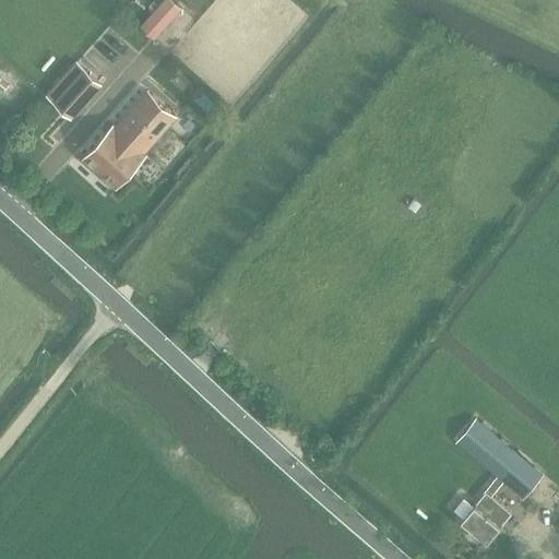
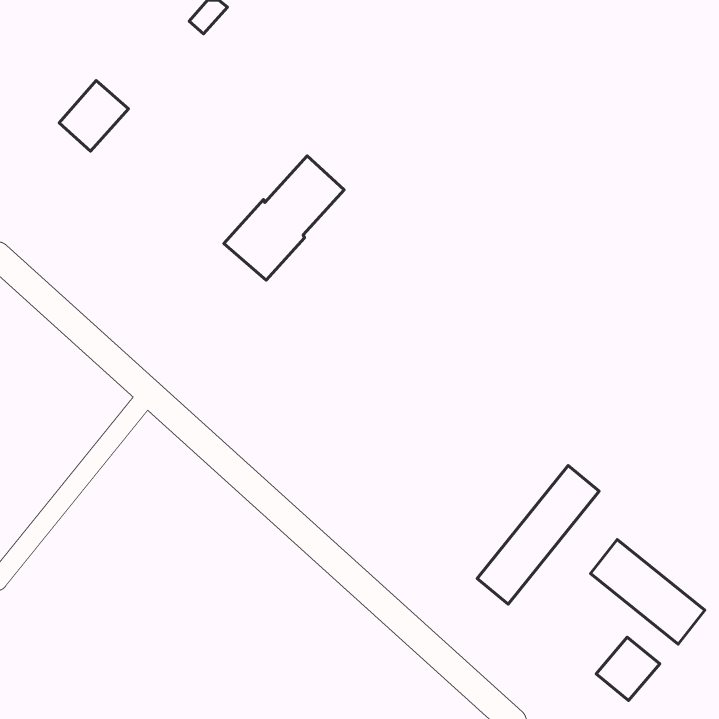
building: [82,93,175,189] -> [224,156,344,280]
building: none -> [477,466,599,604]

